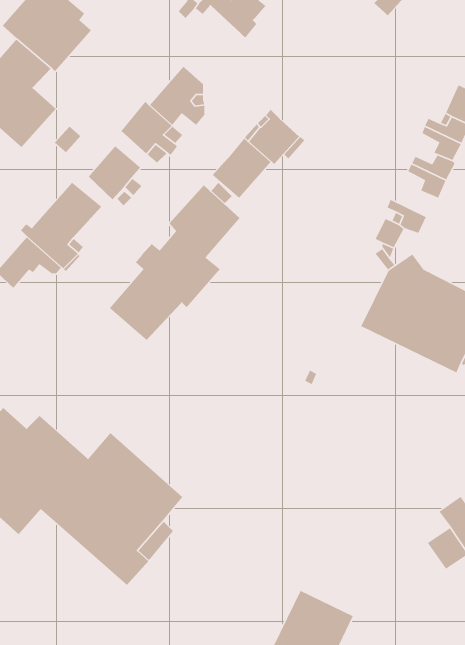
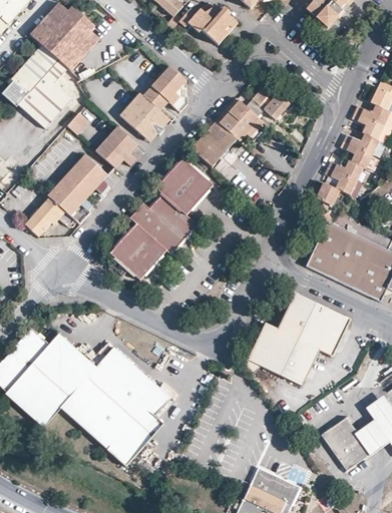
building: none -> [245,87,291,119]
building: none -> [329,159,364,181]
building: none -> [244,291,349,385]
building: none -> [322,417,371,469]

